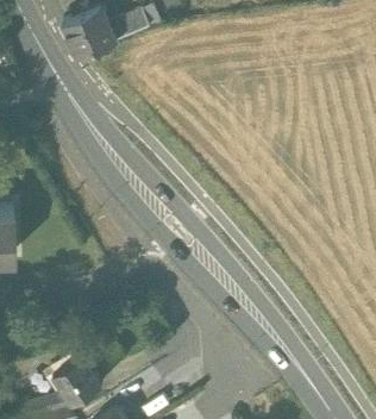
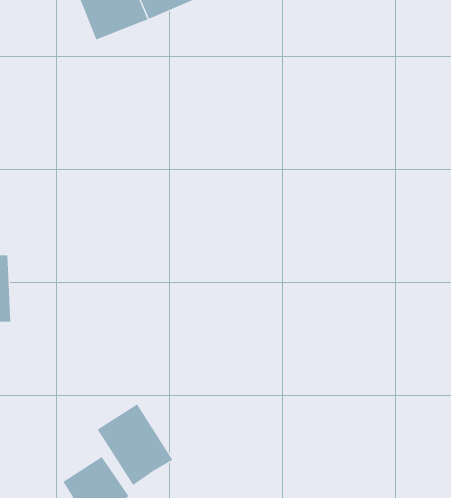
building: none -> [97,404,173,486]

